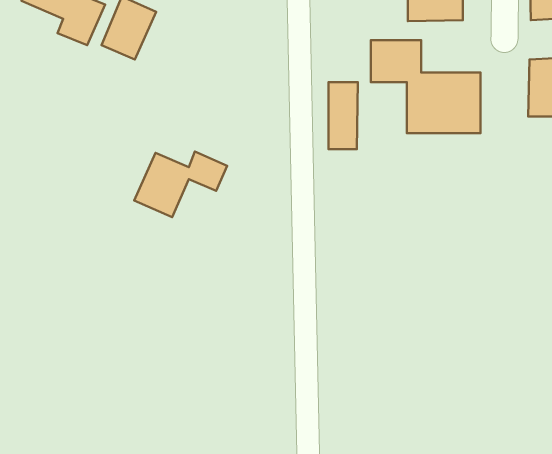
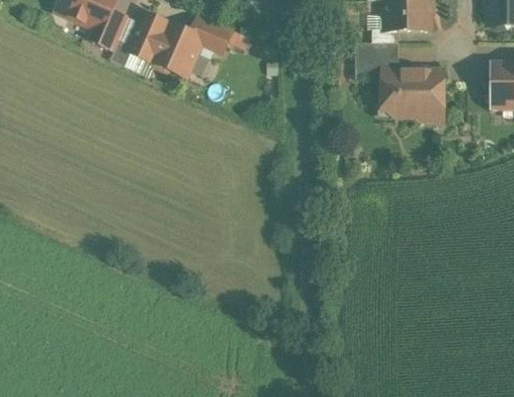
building: [328,82,358,149] -> none
building: [134,152,227,217] -> [155,18,234,74]

